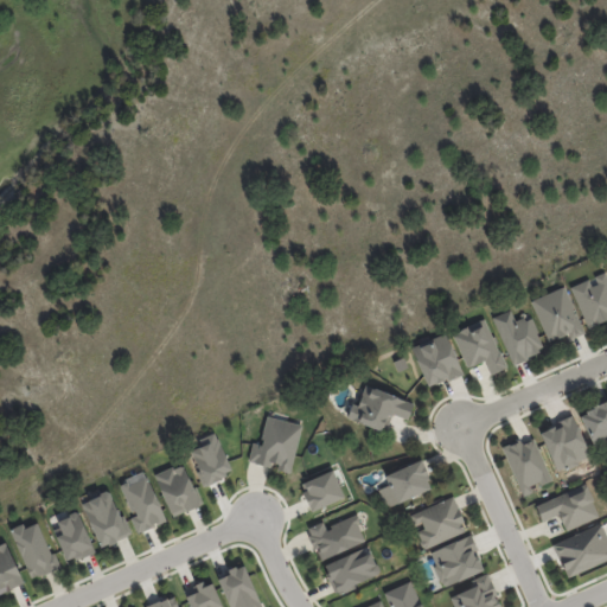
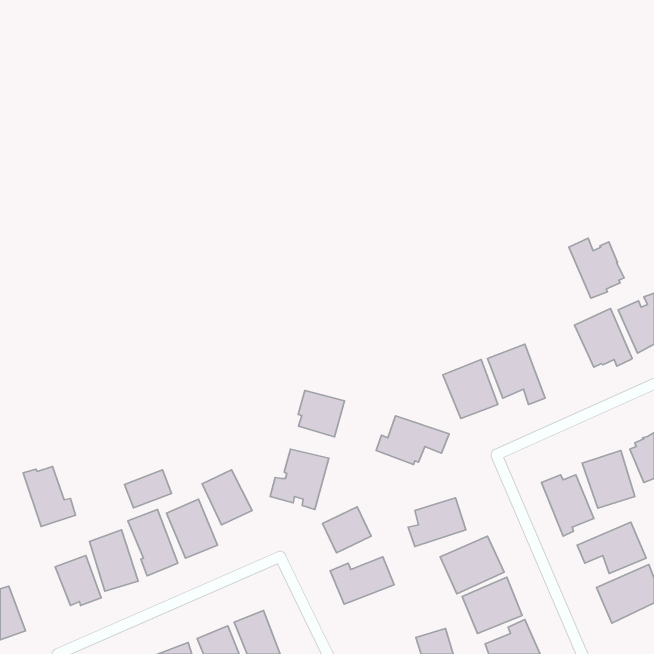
building: [494,309,545,365] -> [569,238,624,298]
building: none -> [298,391,344,437]
building: none -> [124,470,171,508]
building: [12,523,60,579] -> [23,466,76,527]
building: [322,547,378,594] -> none

